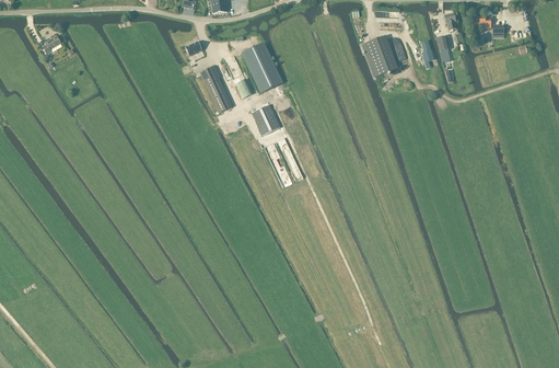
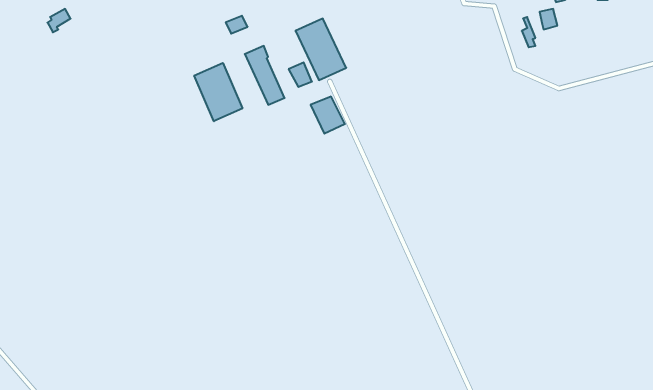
building: [363,35,397,76] -> none
building: none -> [194,63,242,121]

